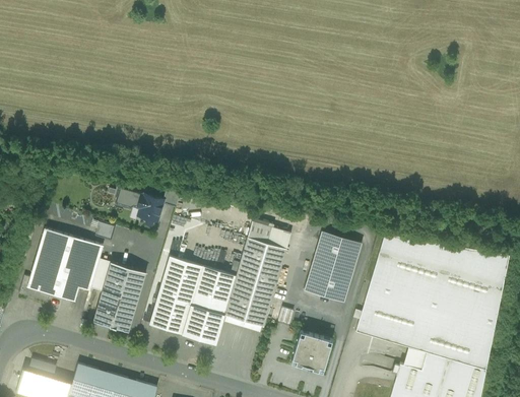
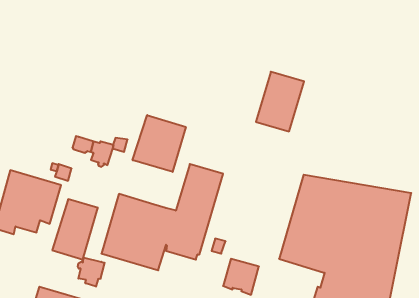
building: none -> [133,115,186,172]
building: [305,233,361,302] -> [256,72,304,131]
building: none -> [78,258,105,287]

